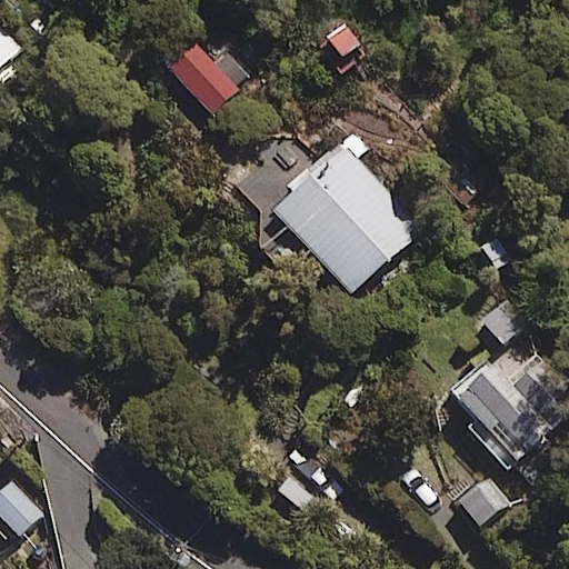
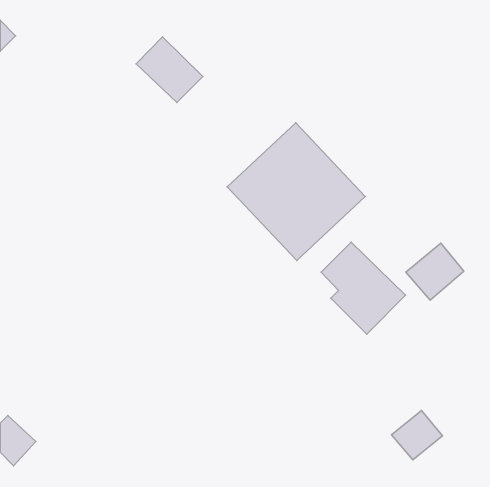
building: [456,362,552,468] -> [321,242,405,334]

